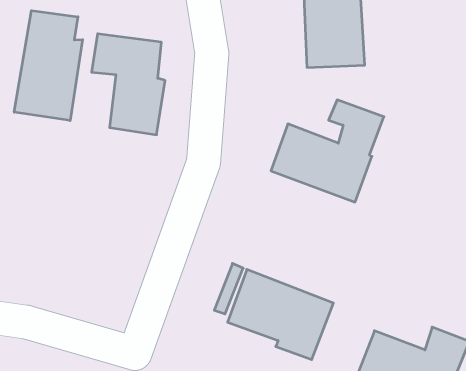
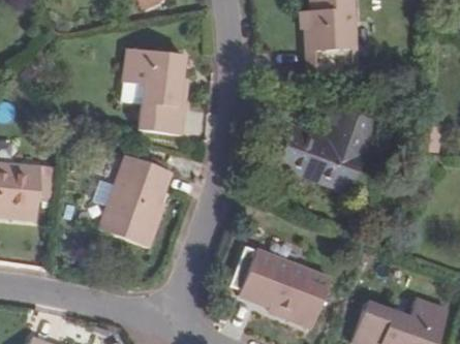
building: [14,11,83,121] -> none
building: none -> [98,155,170,247]

